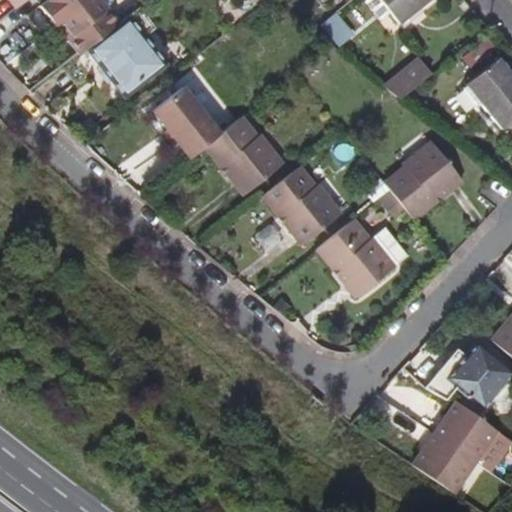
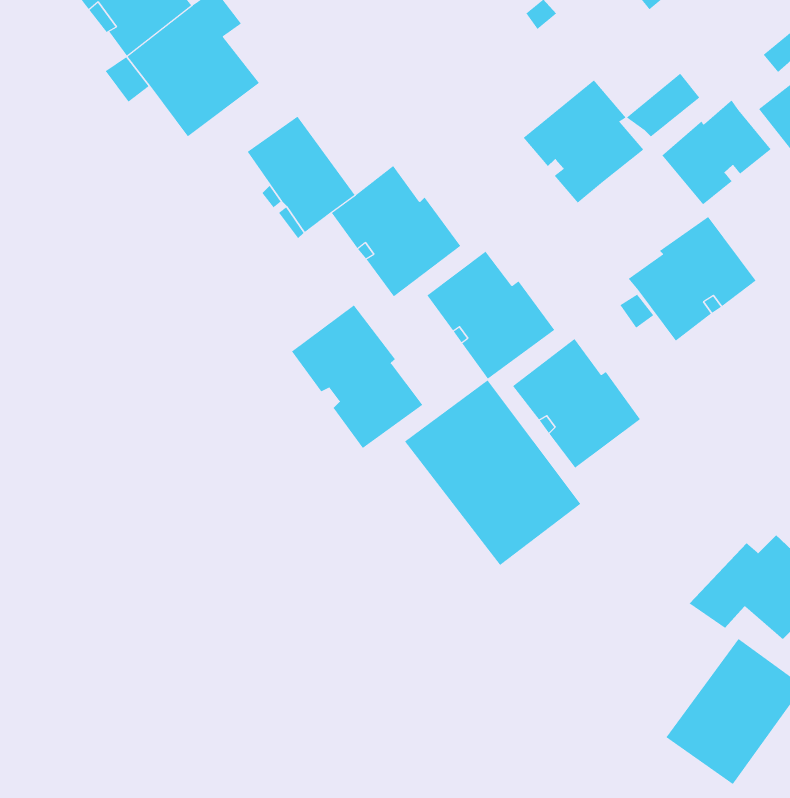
building: none -> [523,79,644,203]
building: none -> [662,100,772,205]
building: none -> [291,305,423,449]
building: none -> [404,379,581,566]

